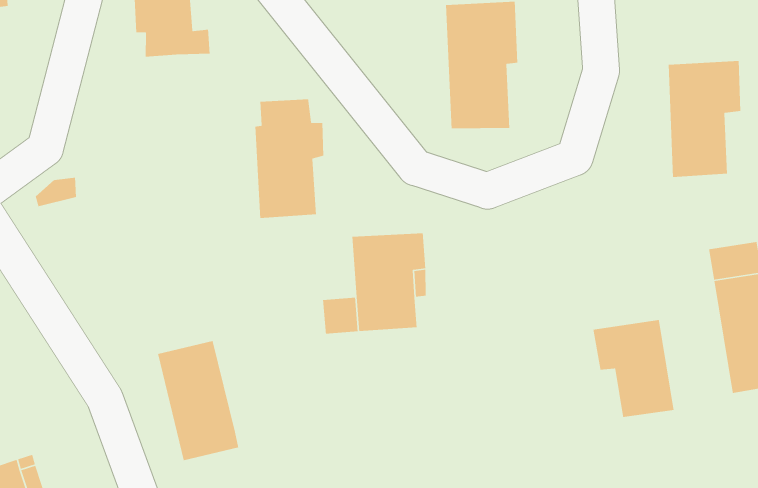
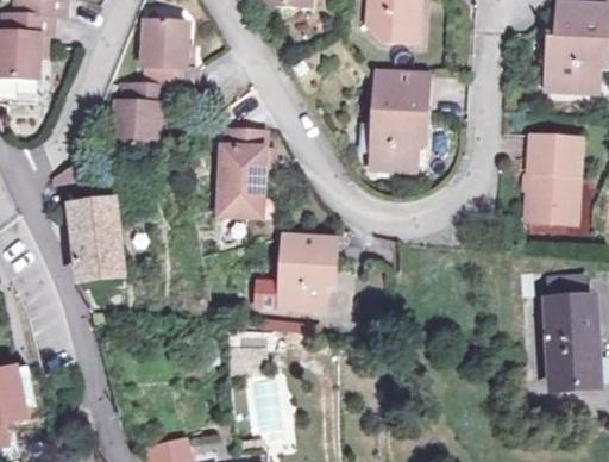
building: none -> [113,82,170,146]
building: [592,319,674,418] -> none
building: [157,340,239,461] -> [73,205,125,292]

